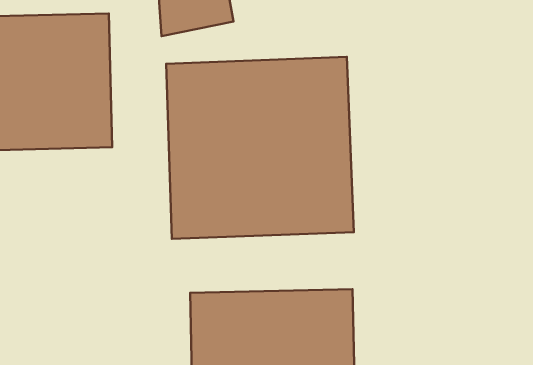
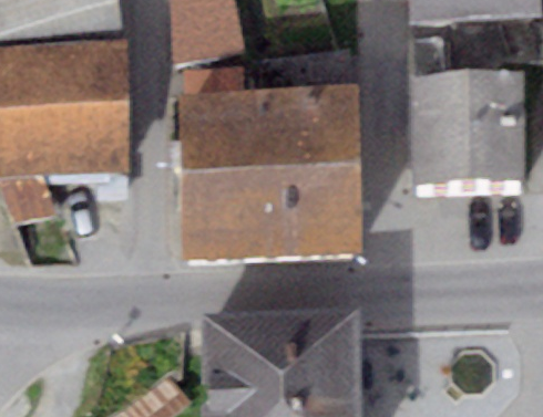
building: none -> [410,74,529,183]

